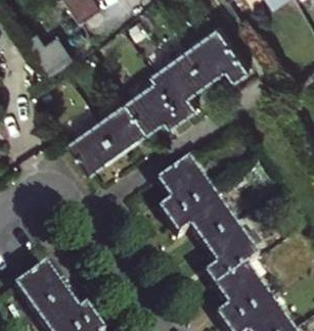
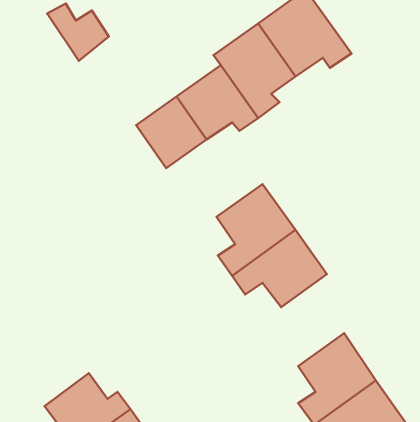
building: [73,116,123,168] -> none
building: [205,223,261,288] -> none
building: [15,264,68,317] -> none

